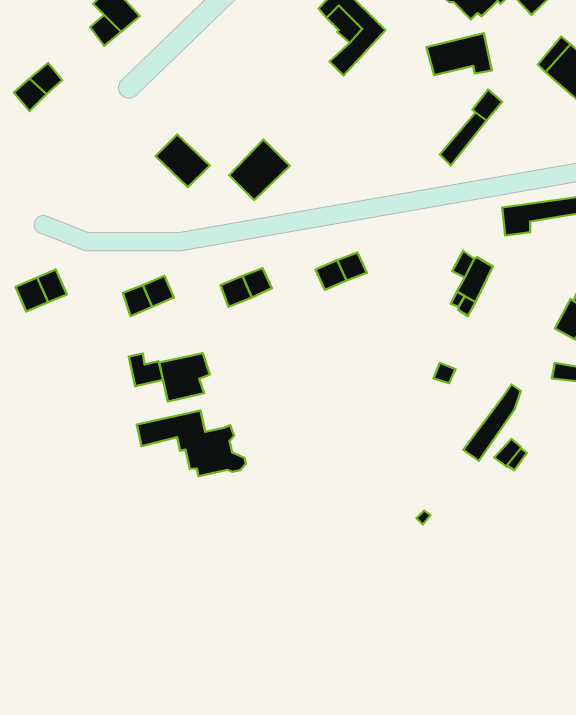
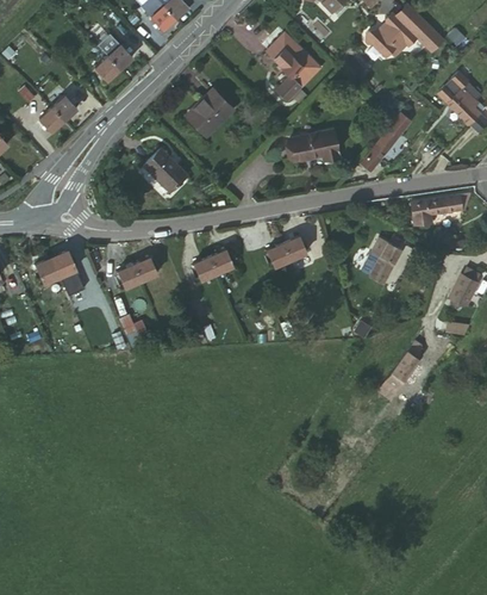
building: [426,33,492,75] -> [293,132,343,165]
building: [229,139,290,200] -> [187,85,233,131]
building: [159,353,210,401] -> none
building: [137,411,246,476] -> none

